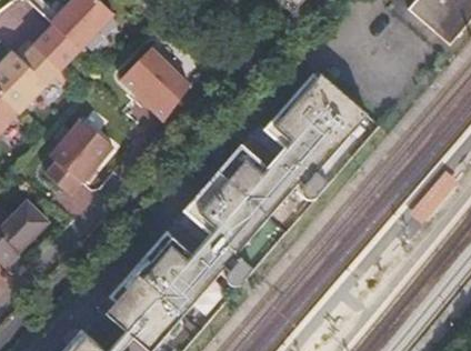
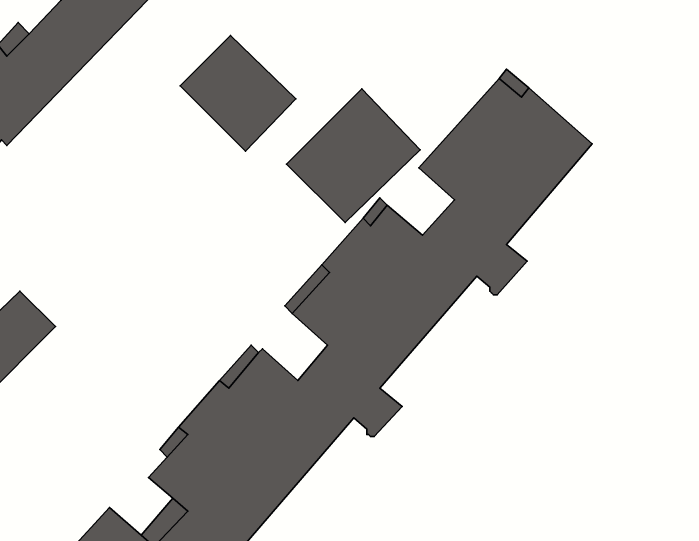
building: none -> [287,89,420,223]
building: [47,120,114,194] -> none

